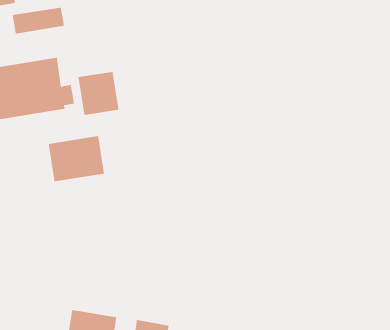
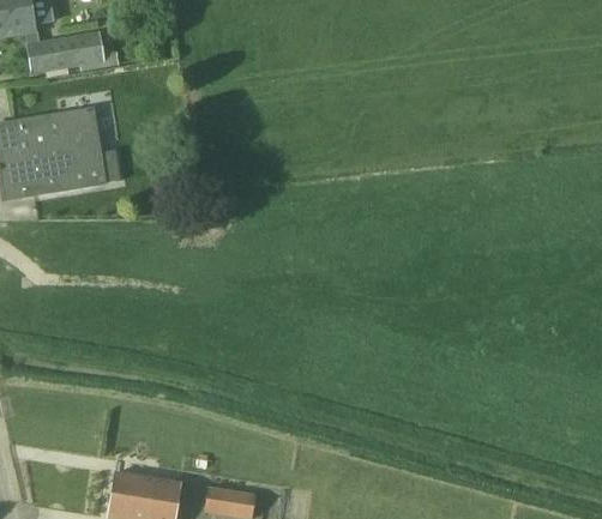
building: [77,71,120,116] -> none
building: [48,135,105,182] -> none

